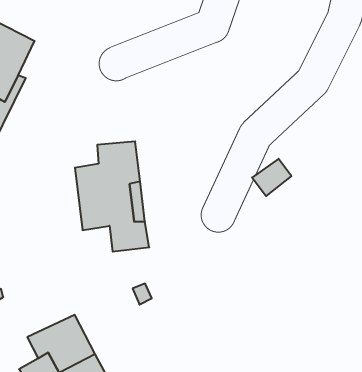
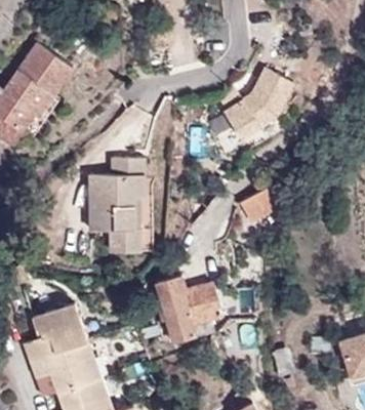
building: none -> [222,66,292,137]
building: none -> [162,275,224,342]

